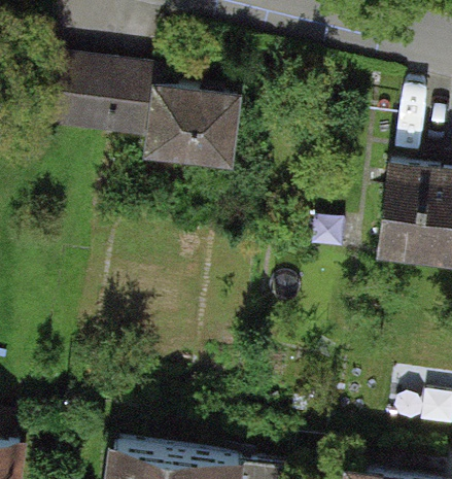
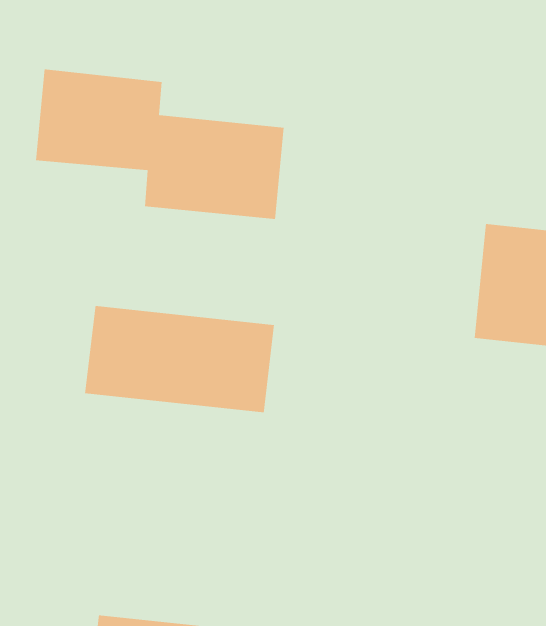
building: none -> [85,305,275,413]

